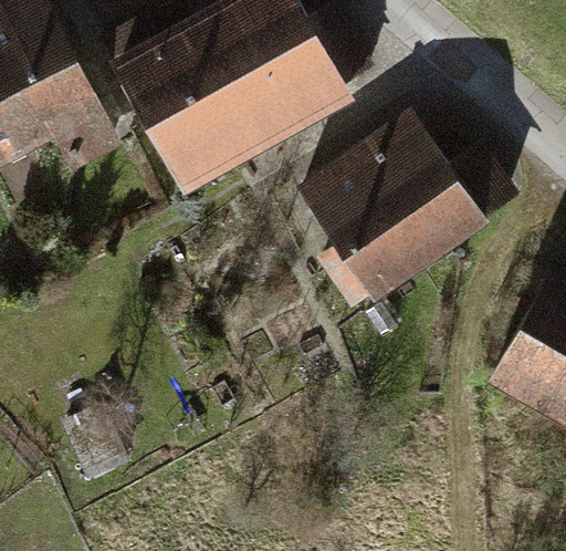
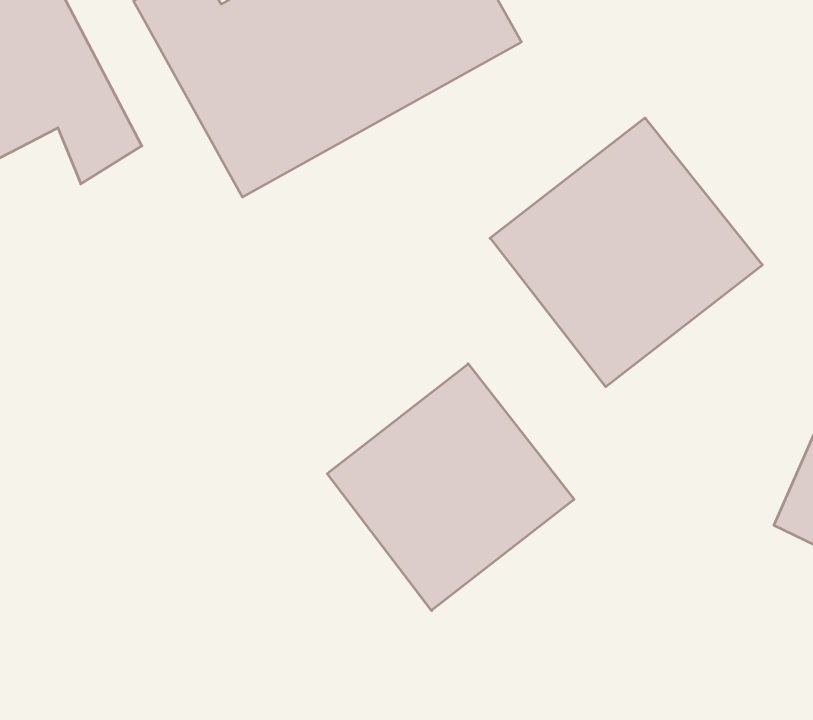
building: none -> [327,364,574,611]

